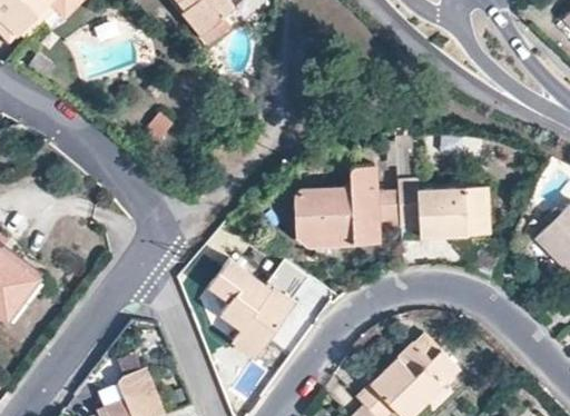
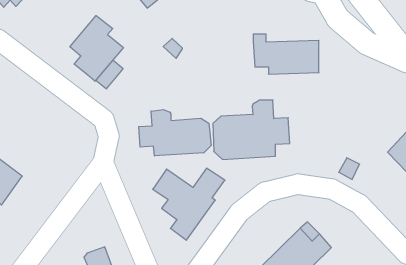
building: none -> [70,16,123,81]
building: none -> [139,110,211,156]
building: [401,181,492,237] -> [253,34,319,74]

